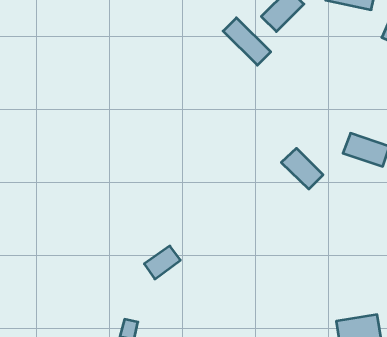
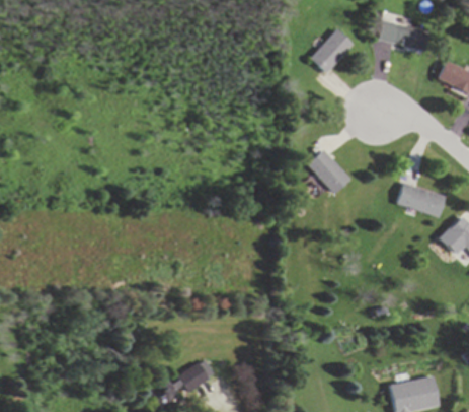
building: [223,18,271,65] -> none
building: [281,148,323,189] -> [305,150,349,194]
building: [144,246,180,279] -> [175,359,214,395]

